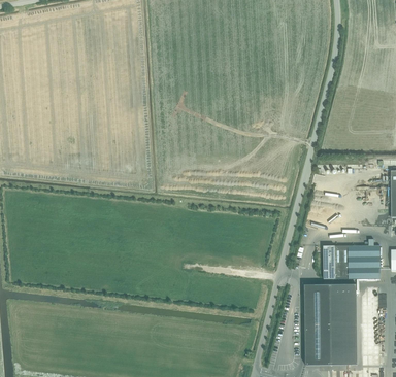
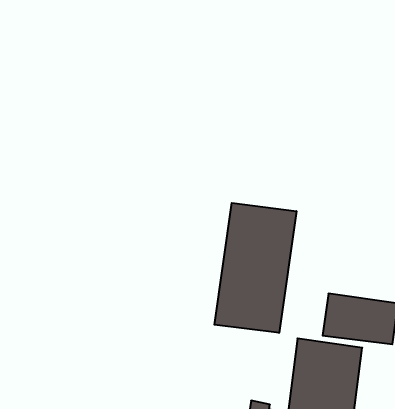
building: none -> [214,203,296,333]

